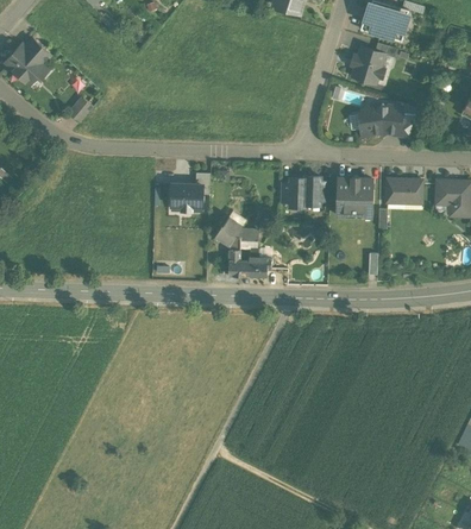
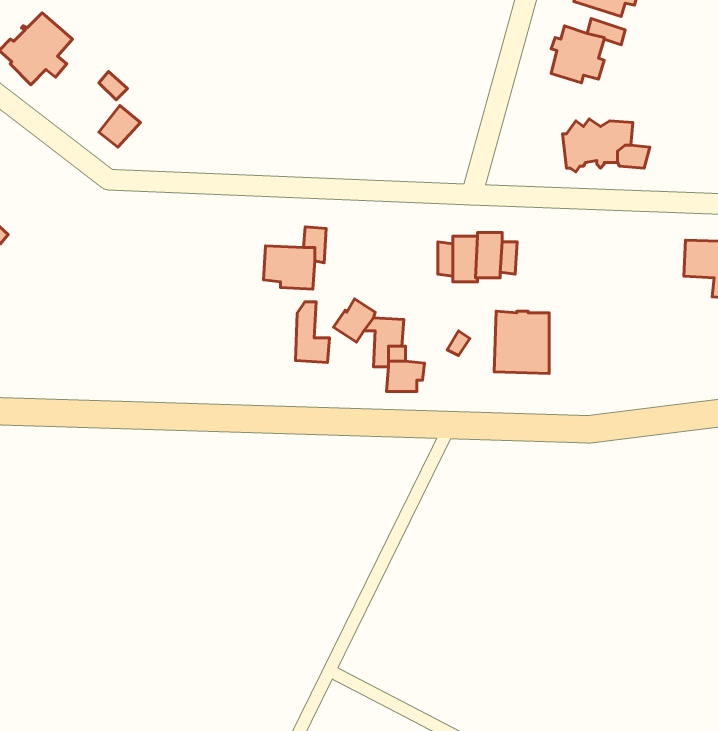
building: [337,177,371,216] -> [494,311,549,374]
building: [385,178,421,204] -> none
building: [227,238,249,276] -> [295,302,329,362]

